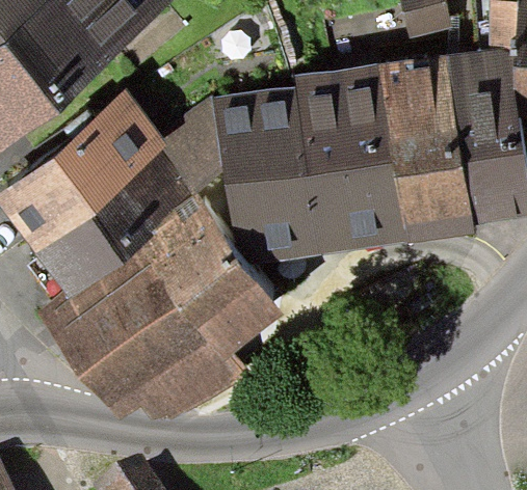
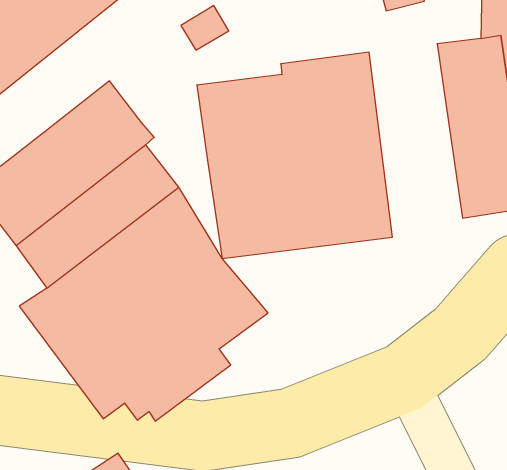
building: [381,55,474,244] -> none
building: [159,96,223,195] -> none

